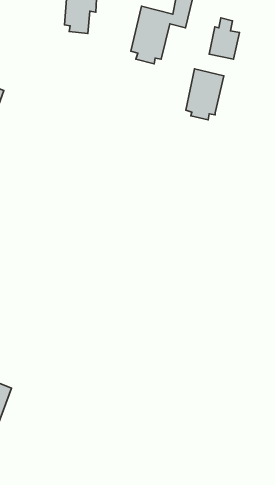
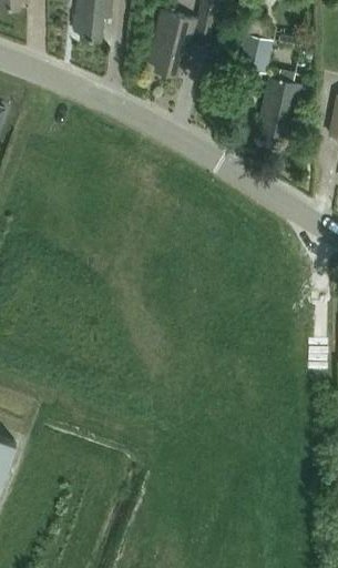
building: [186,69,224,120] -> [258,78,301,135]

